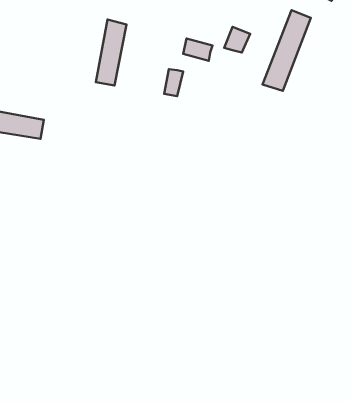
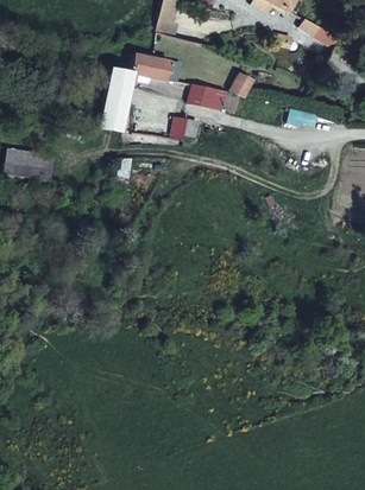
building: none -> [132,52,183,82]
building: [262,10,311,91] -> none

